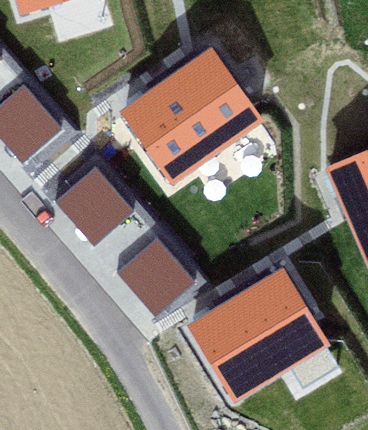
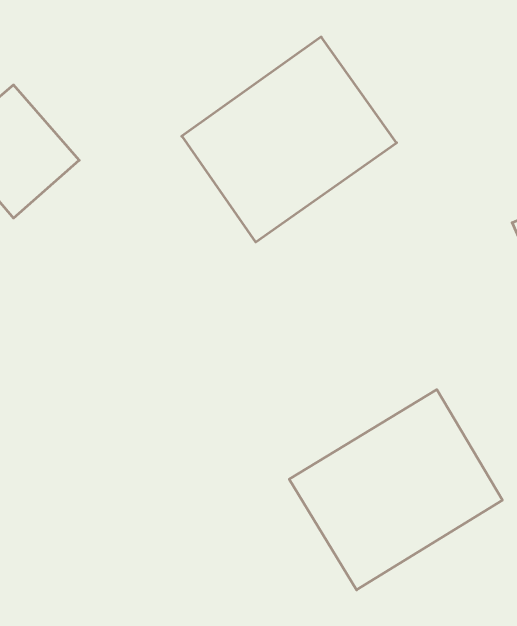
building: [51,165,134,248] -> none
building: [113,236,195,319] -> none

